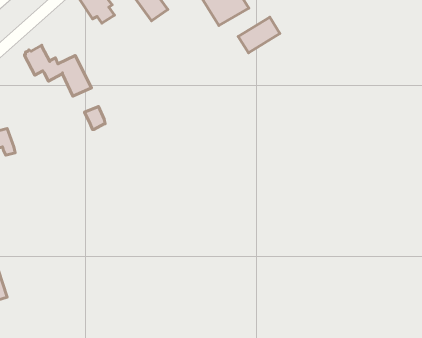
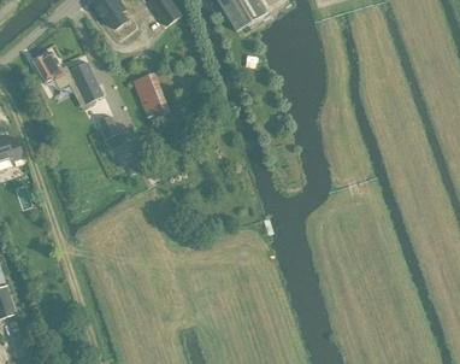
building: [238,17,280,53] -> none
building: none -> [131,71,167,119]

